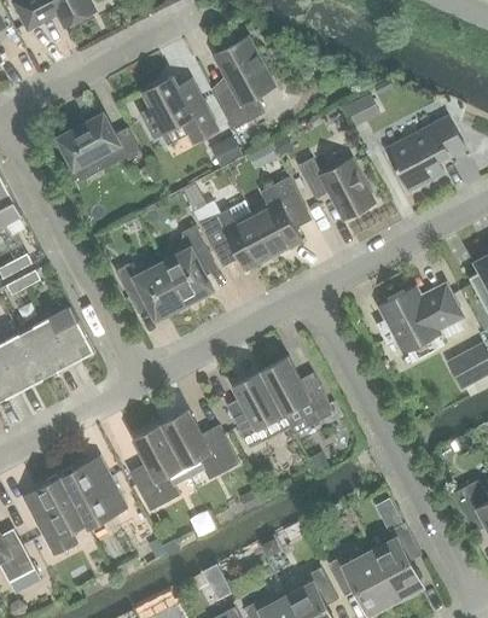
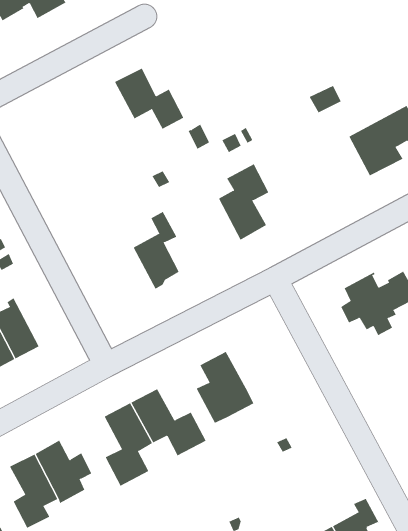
building: [214,36,274,130] -> none
building: [58,113,140,168] -> none
building: [297,158,373,218] -> none
building: [199,200,274,270] -> none
building: [115,263,186,317] -> none
building: [40,305,94,366] -> none
building: [260,356,333,435] -> none

